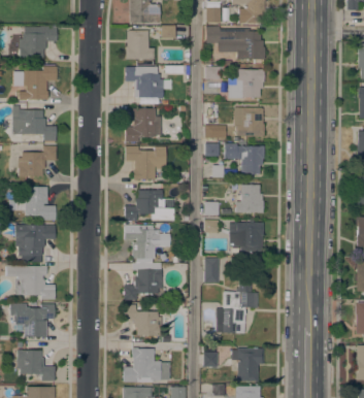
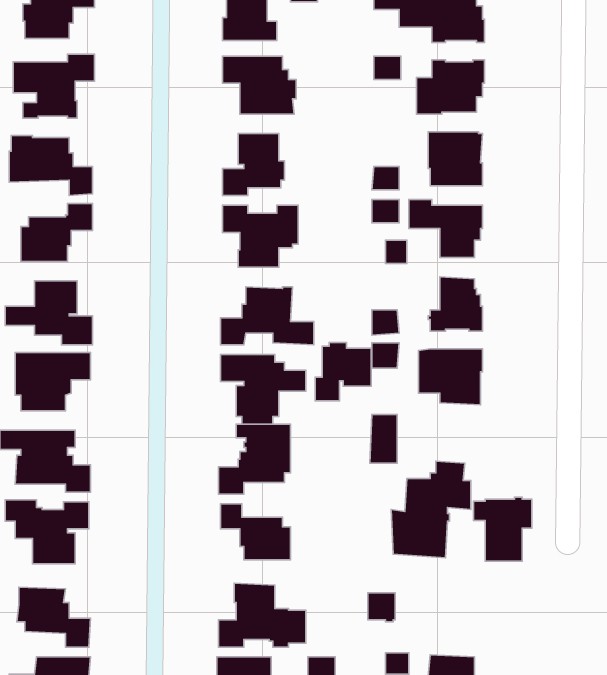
building: none -> [315,343,371,401]
building: [231,347,262,382] -> [474,497,532,561]

